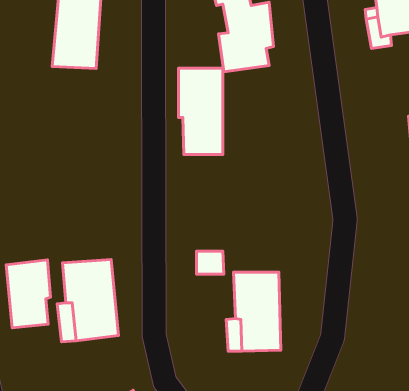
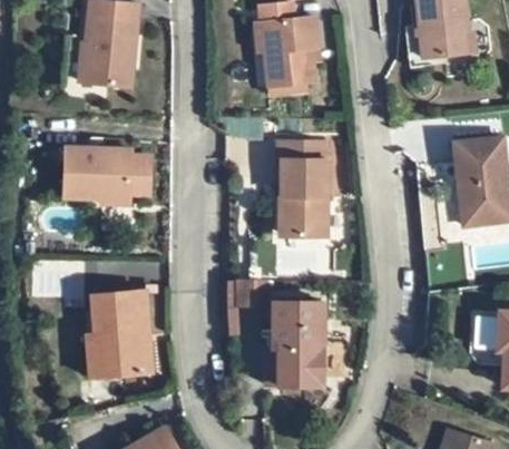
building: [178,68,223,155] -> [276,145,323,236]
building: none -> [62,150,149,203]
building: [6,260,50,328] -> none

